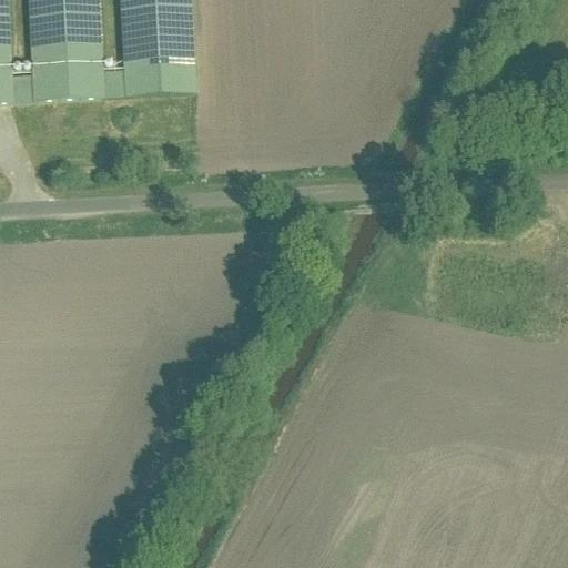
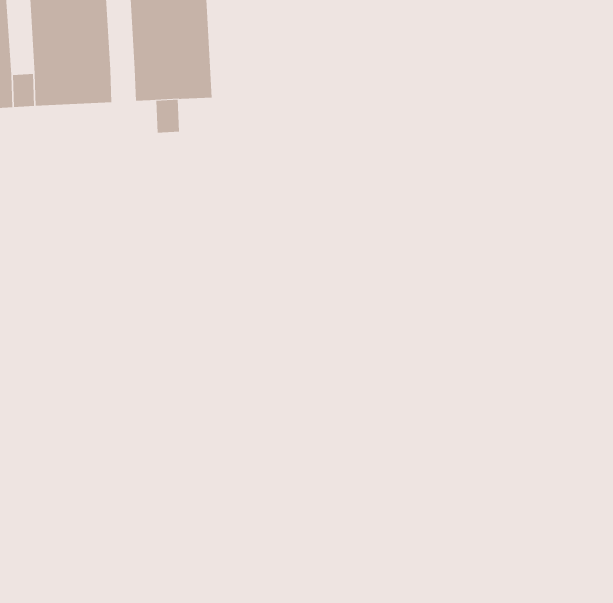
building: [102,63,124,94] -> [156,99,180,133]

